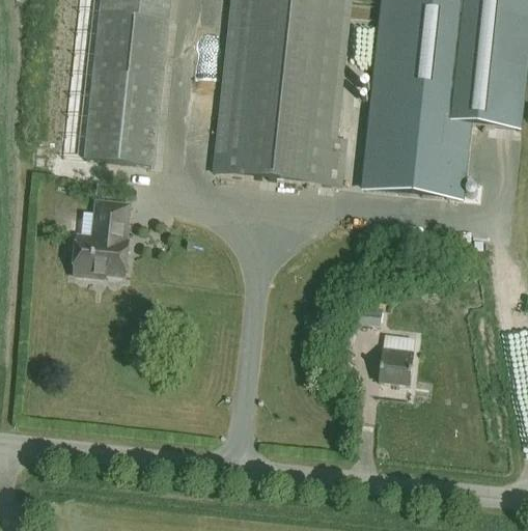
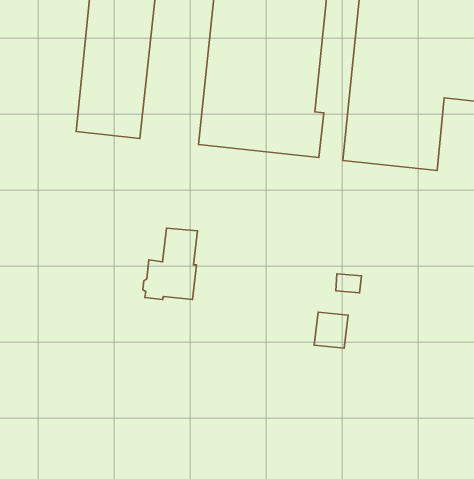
building: [71,199,128,274] -> [143,228,197,300]
building: [382,345,417,383] -> [314,312,348,348]

